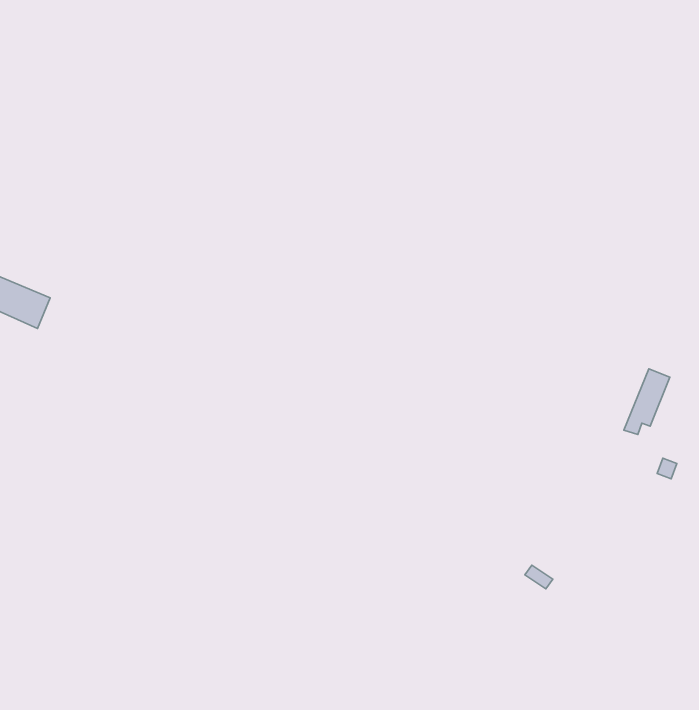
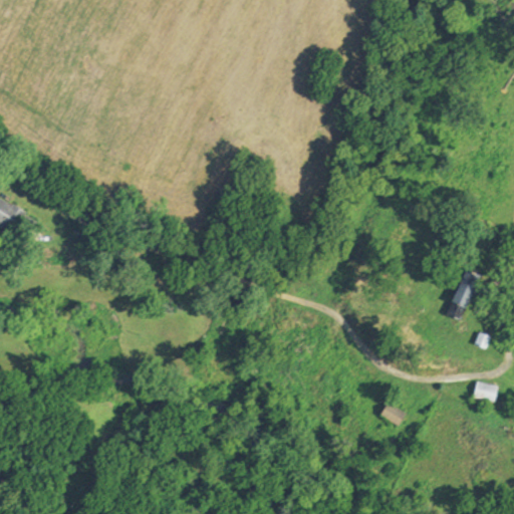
building: none -> [473,382,497,399]

